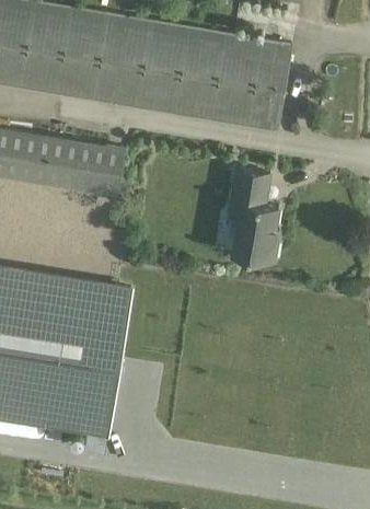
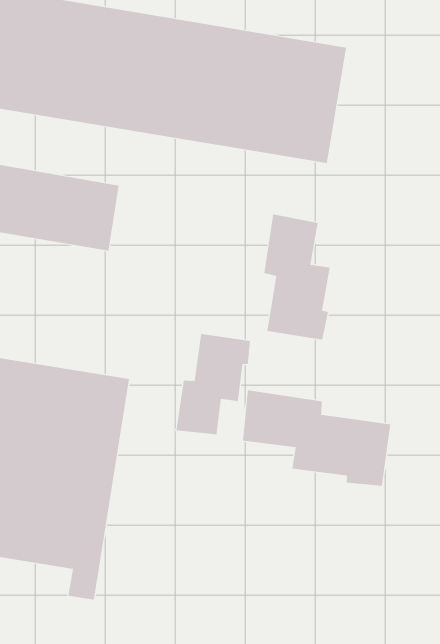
building: none -> [176,333,251,435]
building: none -> [242,389,391,487]

